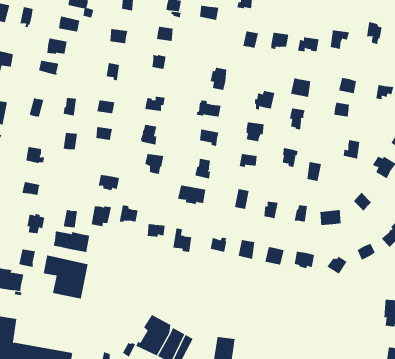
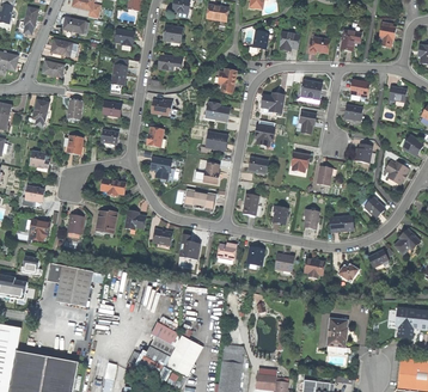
building: [53,230,90,253] -> none
building: none -> [325,318,348,354]

